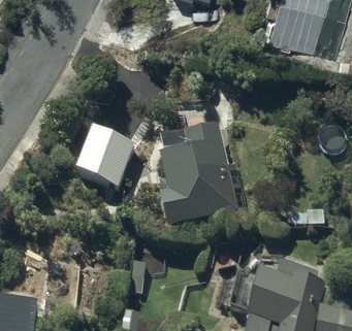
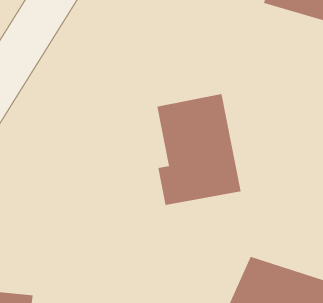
building: [79,128,136,185] -> none

